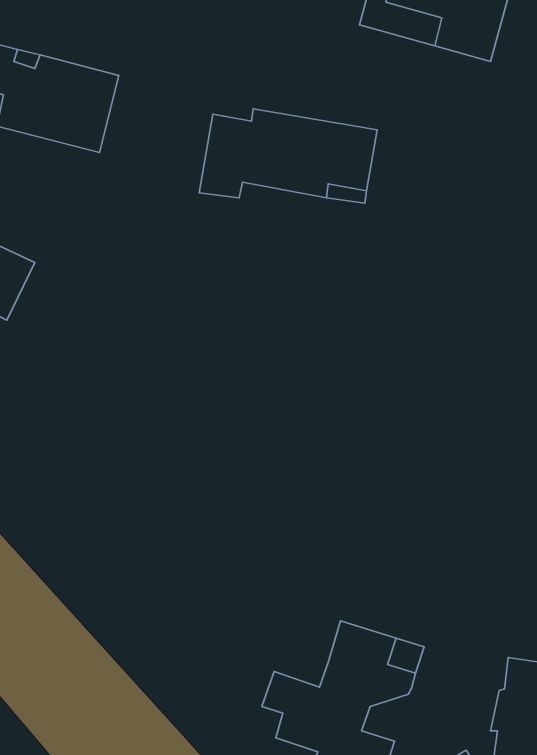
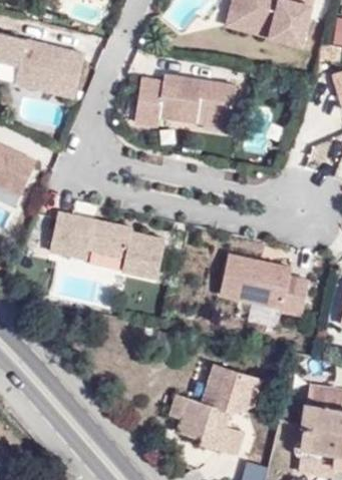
building: none -> [47,208,166,278]
building: none -> [218,253,307,314]

